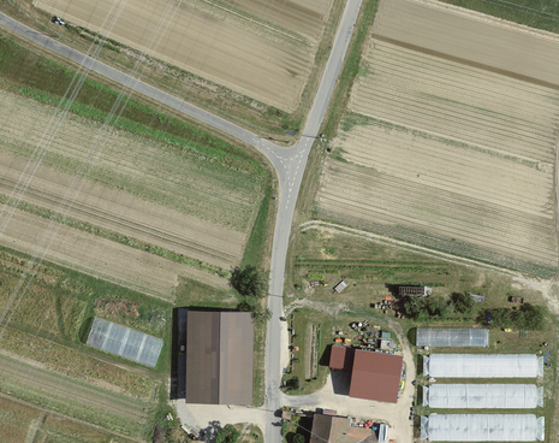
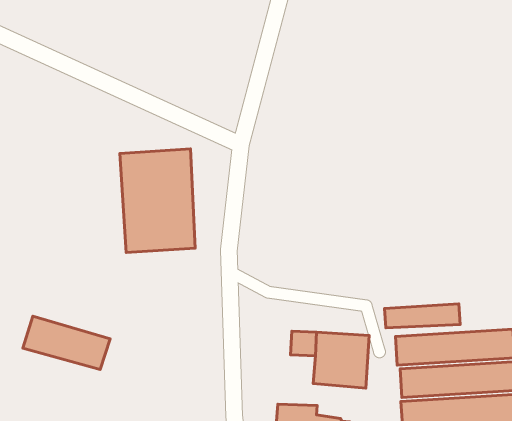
building: [186,308,251,400] -> [120,149,195,252]

